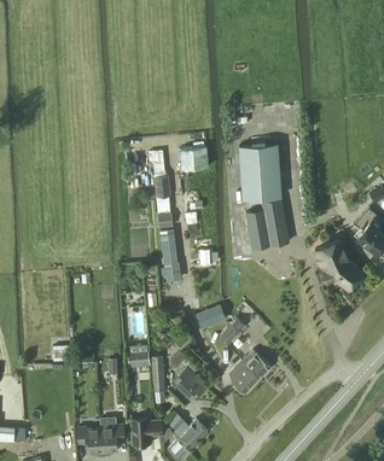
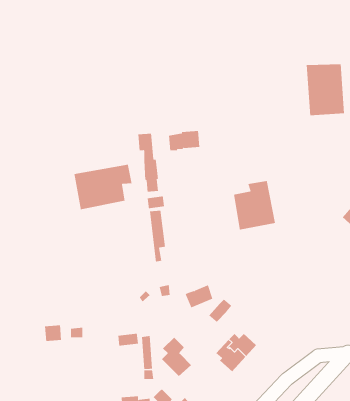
building: [240,146,280,199] -> [306,64,345,116]
building: none -> [74,164,132,210]
building: [315,240,359,286] -> none

